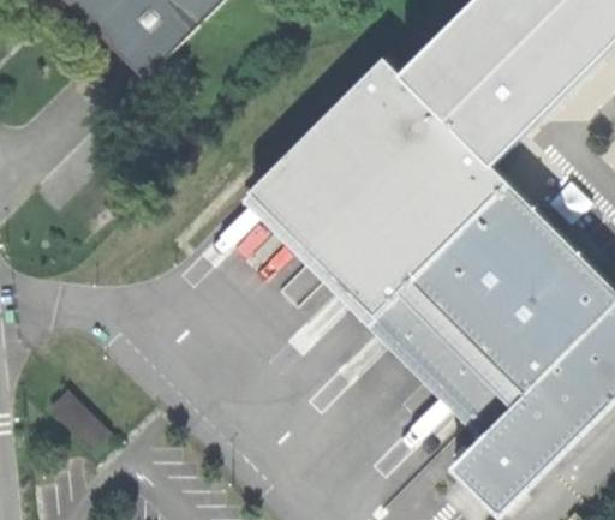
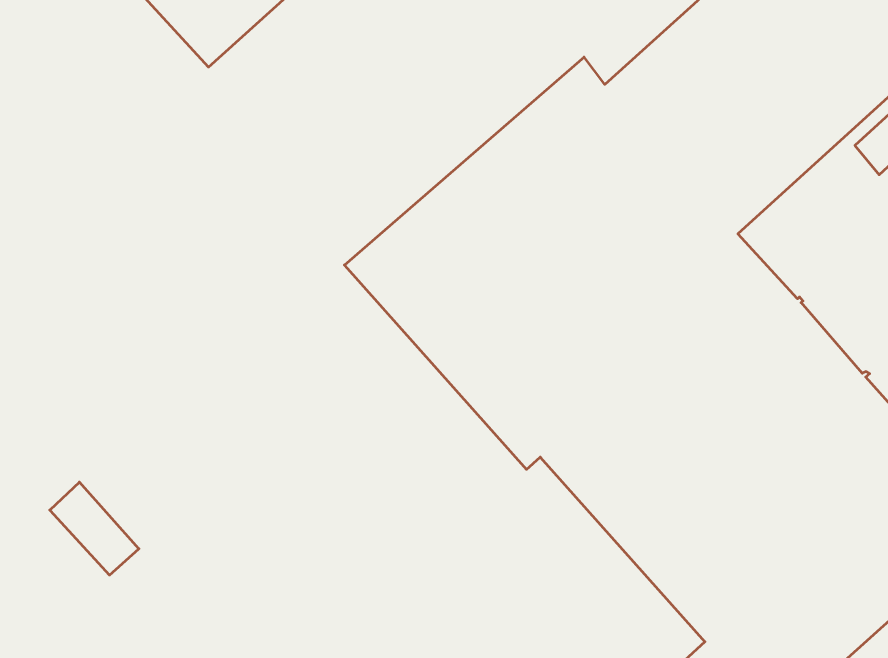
building: [49,388,108,447] -> [50,482,139,575]

